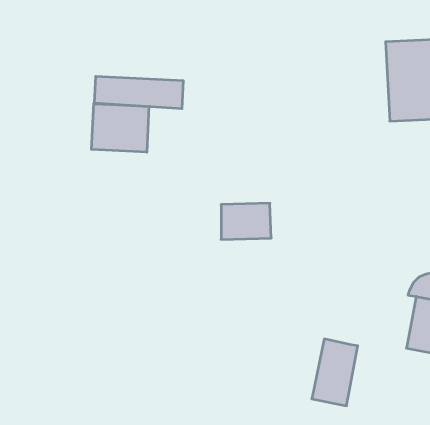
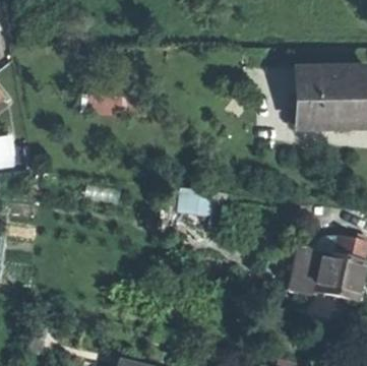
building: [91,104,149,152] -> none
building: [312,339,358,406] -> [286,248,319,297]

